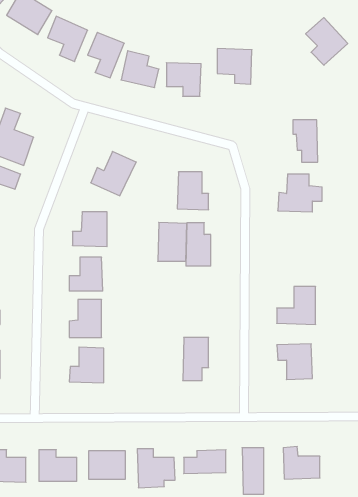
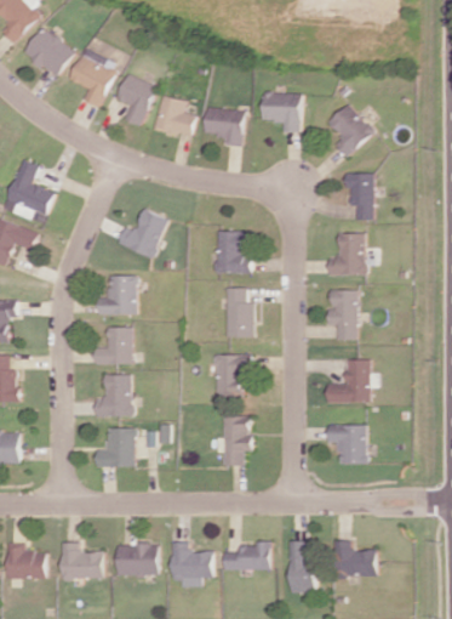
building: [306,18,348,65] -> [326,103,373,157]
building: [158,222,187,261] -> [214,353,247,397]
building: none -> [330,289,359,340]

